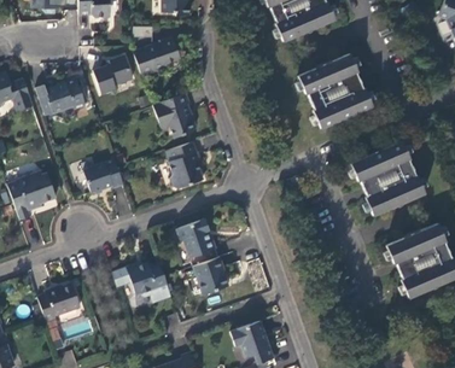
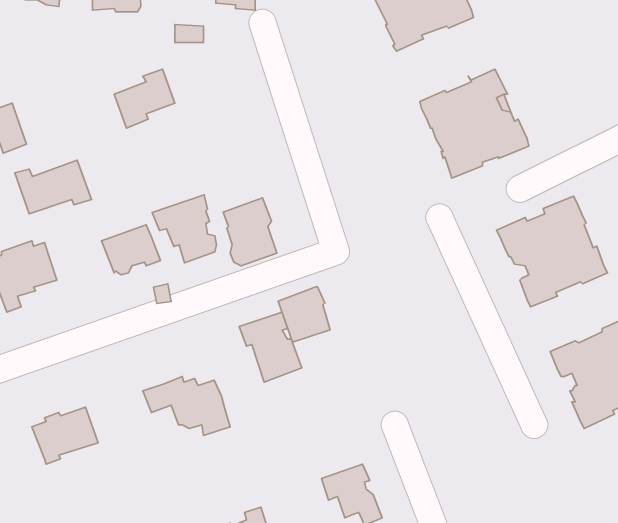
building: [134,36,180,75] -> none
building: [35,78,87,115] -> [15,160,92,214]
building: [152,92,196,138] -> [152,195,217,263]
building: [194,256,229,293] -> [278,287,330,342]

